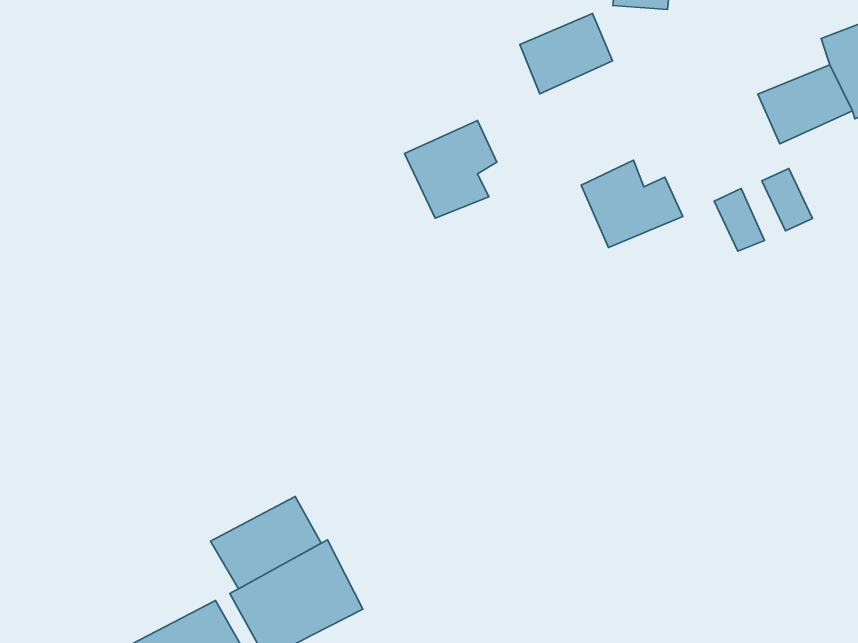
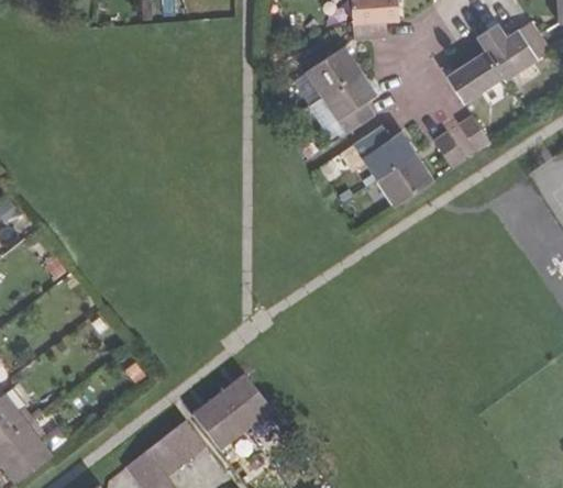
building: [405,120,497,218] -> [320,71,374,132]
building: none -> [375,154,431,206]
building: [210,497,321,589] -> none

